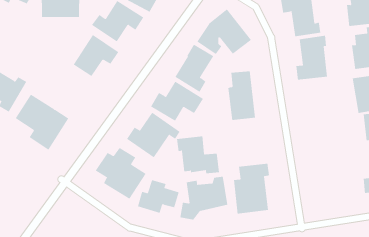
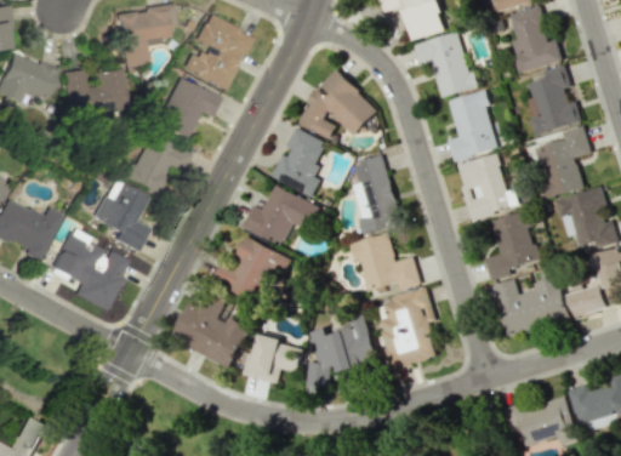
building: none -> [89,179,144,251]
building: none -> [456,153,518,218]
building: none -> [484,210,540,278]
building: [176,136,220,174] -> [349,233,420,290]
building: none -> [492,272,569,335]

